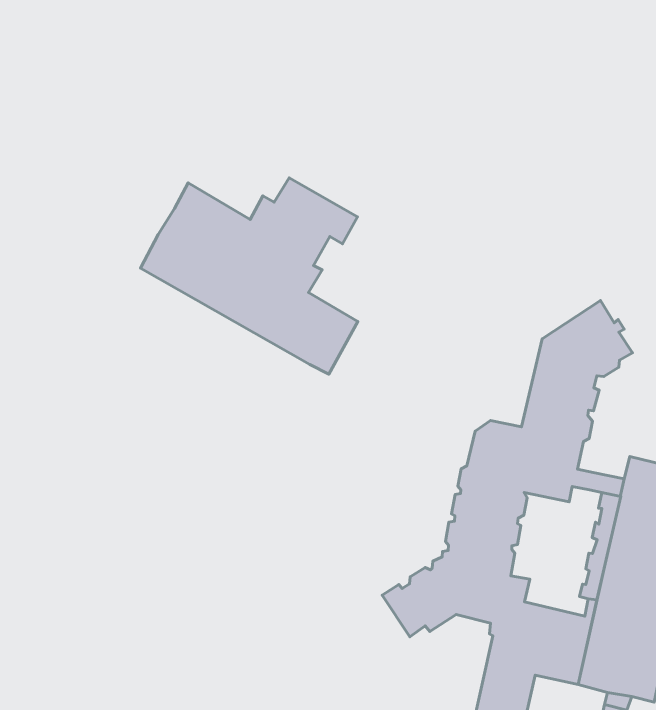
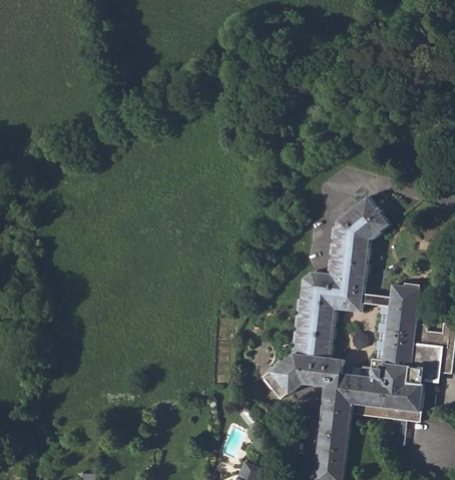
building: [141,178,358,374] -> none

